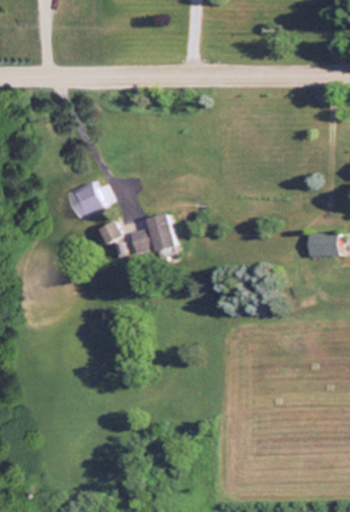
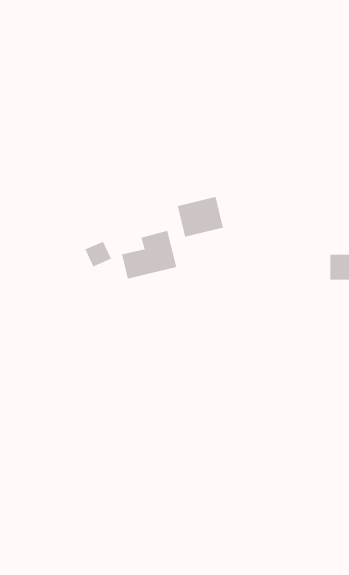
building: none -> [177,196,223,237]
building: [72,186,101,211] -> none

